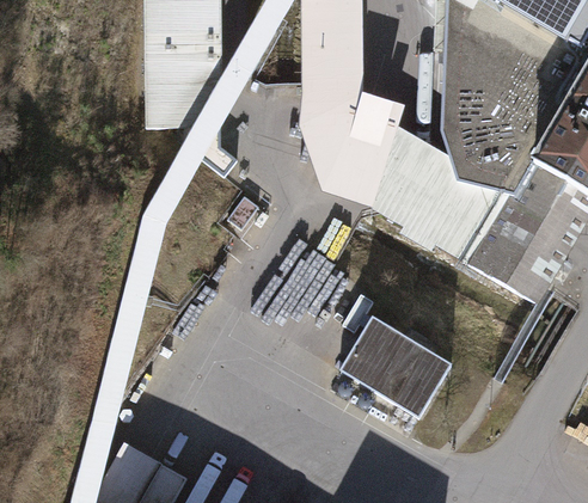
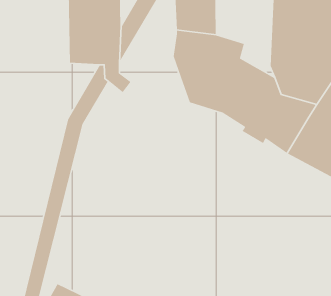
building: [339,319,451,416] -> none

